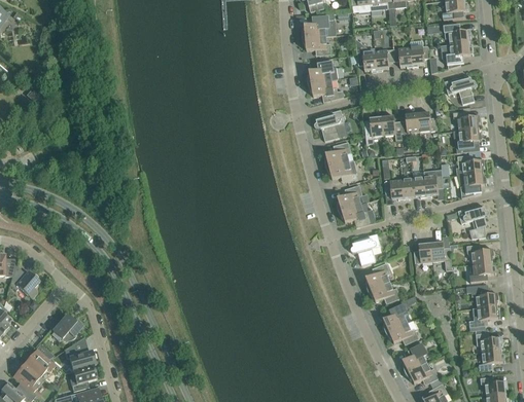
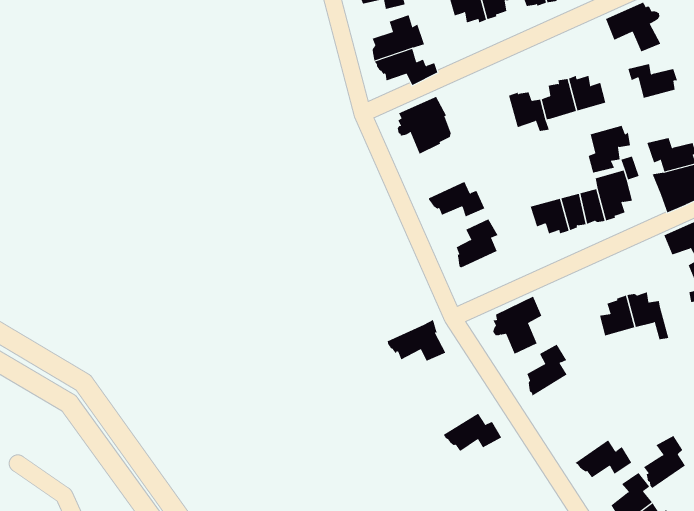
building: [363,116,383,145] -> none
building: [455,129,481,153] -> [588,125,631,173]
building: [324,142,350,168] -> none
building: [338,203,371,226] -> [387,319,446,362]
building: [366,282,400,302] -> [443,413,502,452]
building: [382,304,407,333] -> [643,435,686,489]

